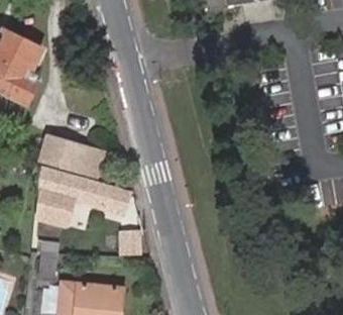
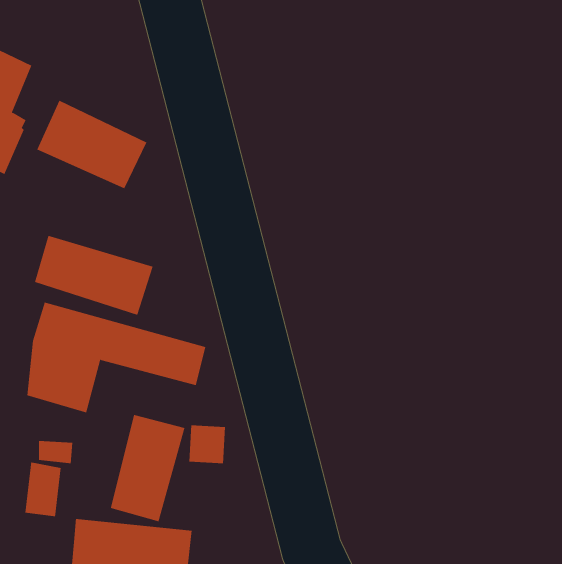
building: none -> [37,100,147,189]
building: none -> [110,414,185,522]

